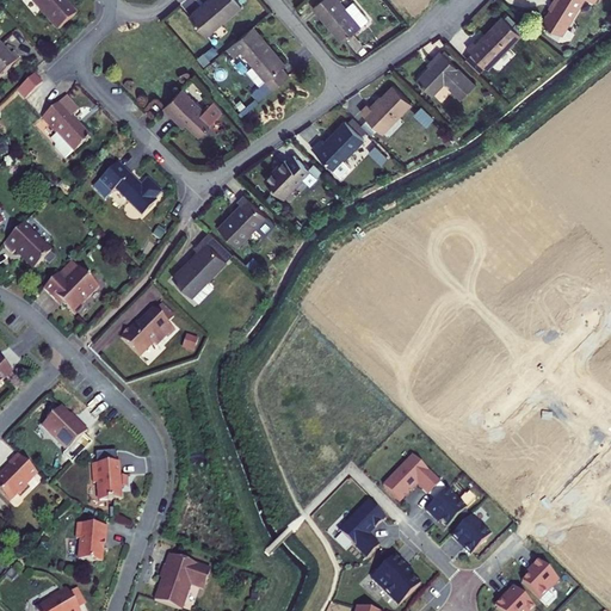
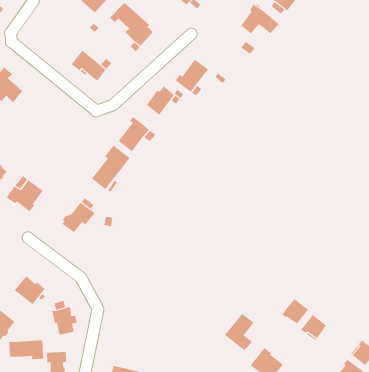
building: [359,85,411,131] -> none
building: [97,163,160,216] -> none
building: [382,455,439,500] -> none
building: none -> [9,340,44,360]

